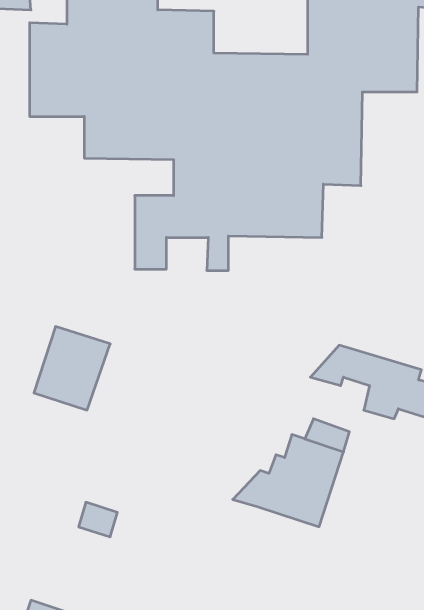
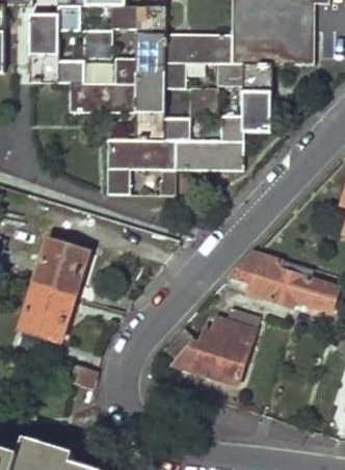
building: none -> [18,286,72,342]

